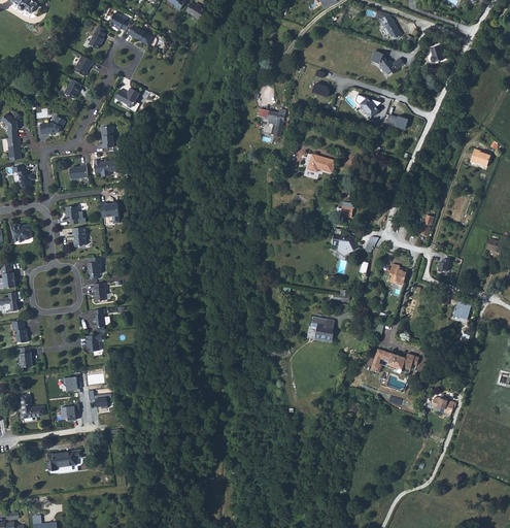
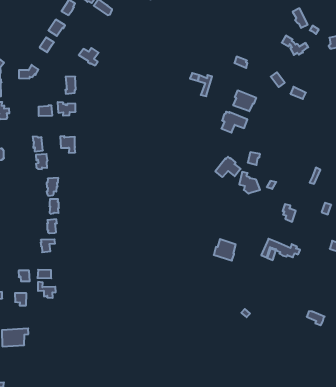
building: none -> [233,90,256,111]
building: none -> [215,157,241,177]
building: [370,349,418,372] -> [261,239,300,257]

